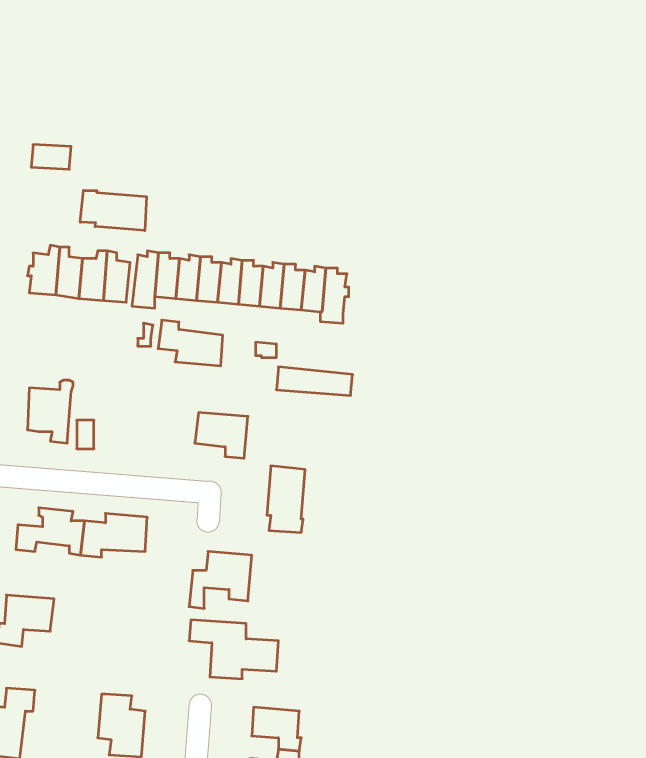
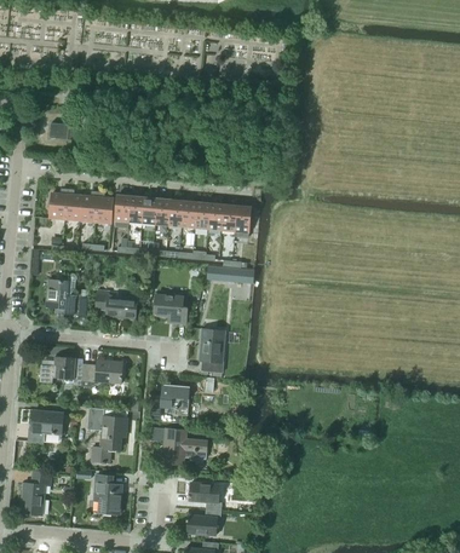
building: [80,190,146,231] -> none
building: [158,320,223,366] -> [94,290,136,319]
building: none -> [86,409,127,465]

